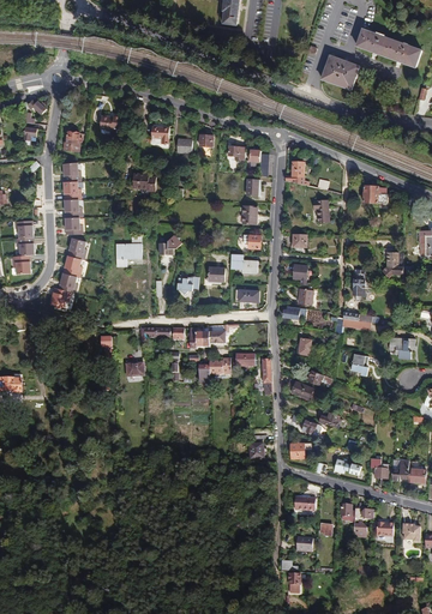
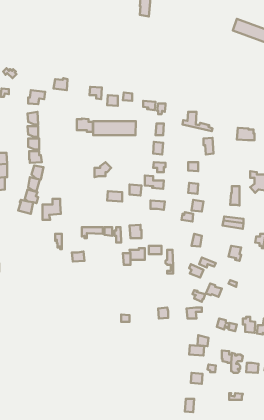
building: [322,55,360,90] -> none
building: none -> [93,121,136,135]
building: [116,235,143,265] -> [43,199,61,220]

